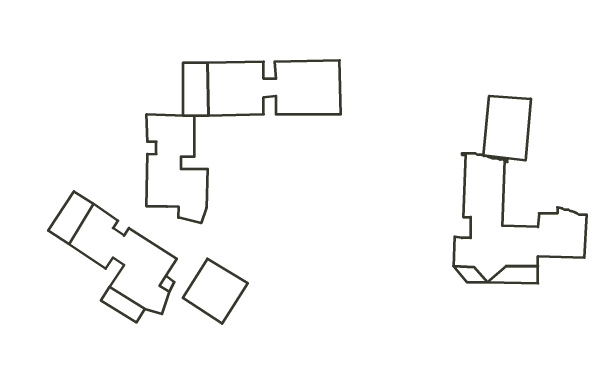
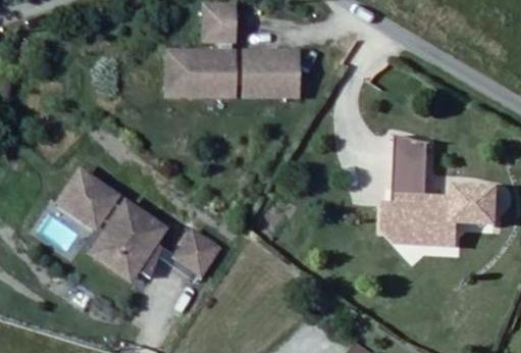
building: none -> [201,9,231,45]
building: [484,96,531,160] -> none
building: [147,114,208,223] -> none

